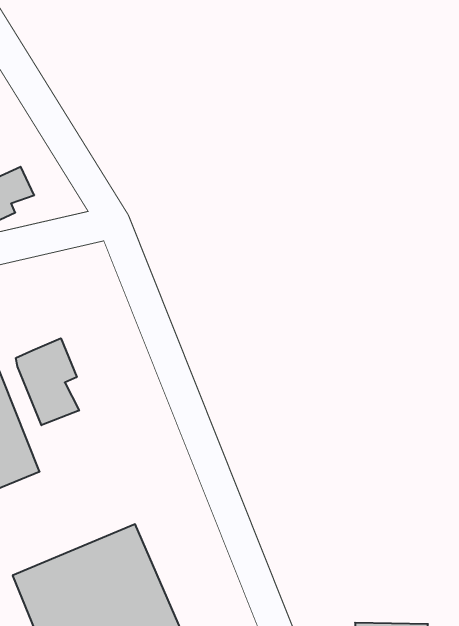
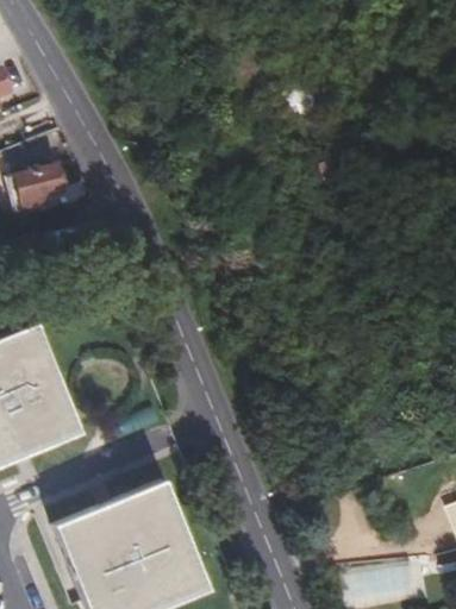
building: [16,338,79,425] -> none

